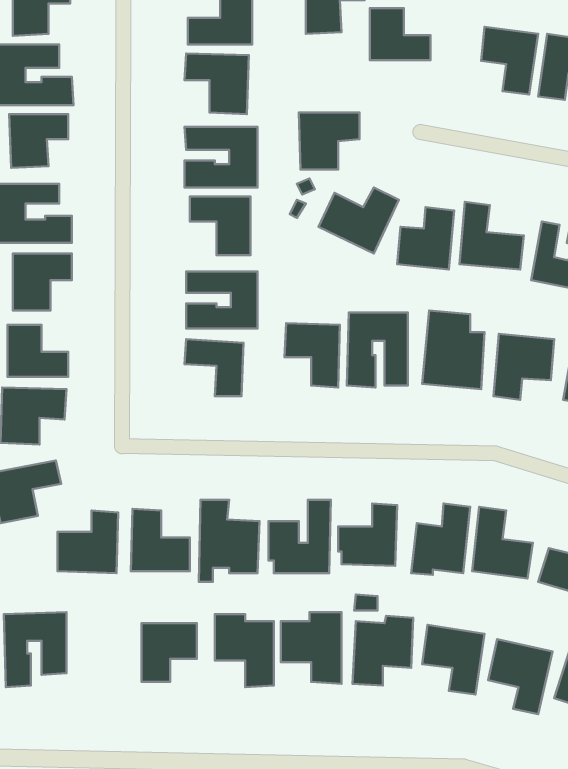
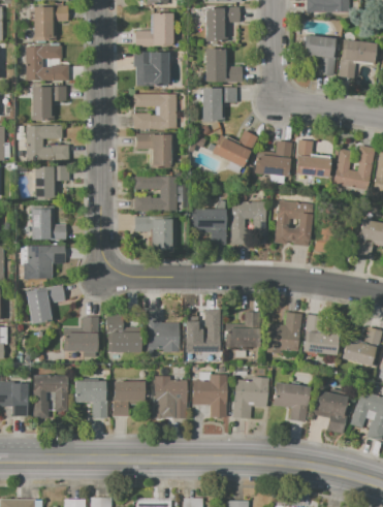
building: [370,8,431,60] -> [205,47,241,77]
building: none -> [72,381,105,417]

